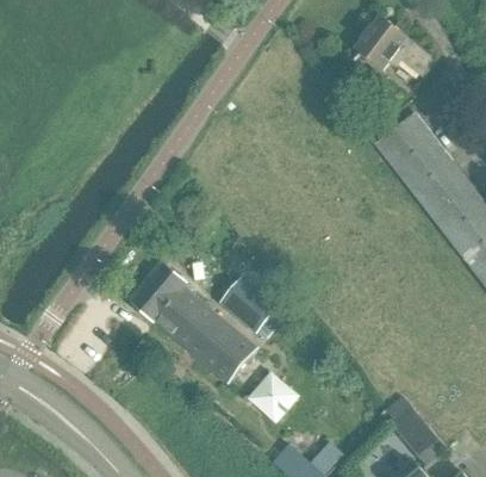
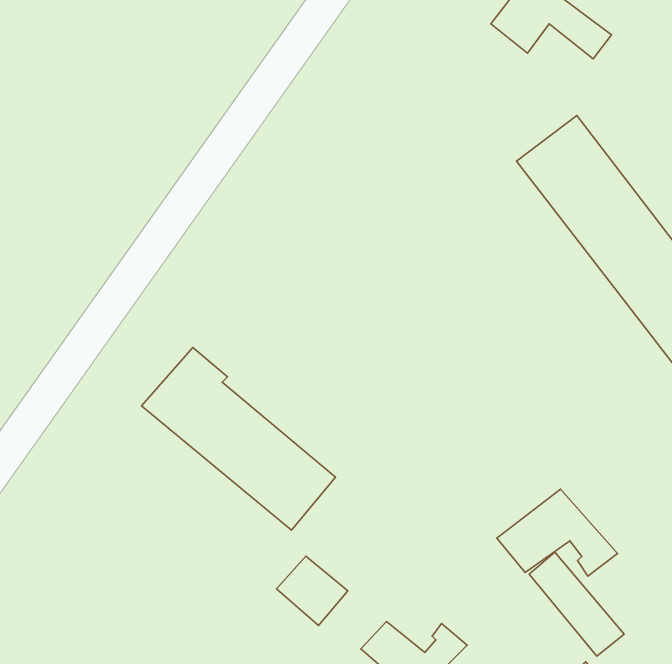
building: [219,277,278,333] -> none
building: none -> [497,489,617,576]
building: [250,374,297,420] -> [276,556,348,626]

